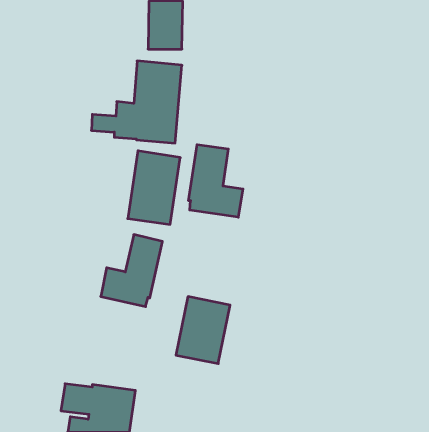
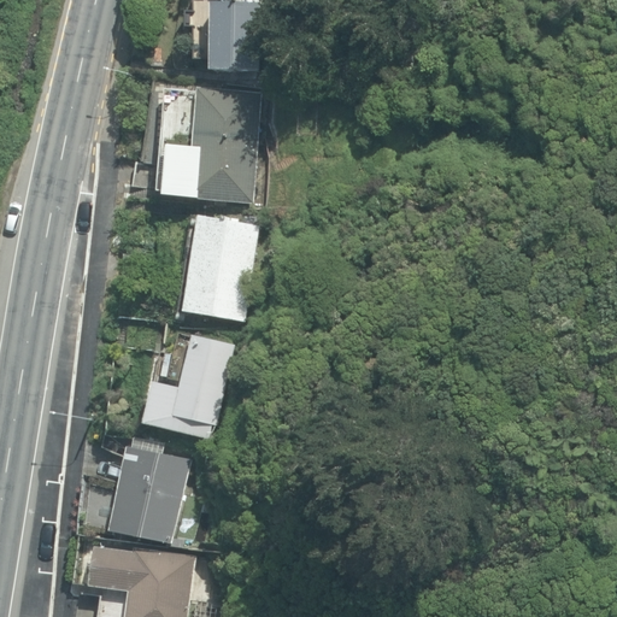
building: [189,145,243,217] -> none
building: [176,297,230,364] -> [110,446,187,541]

